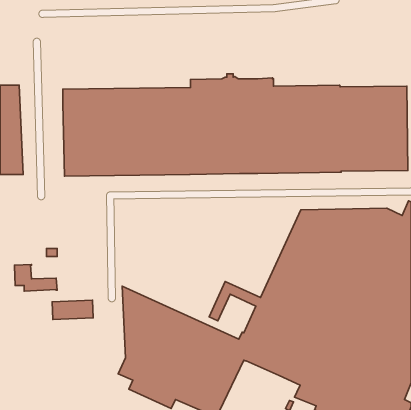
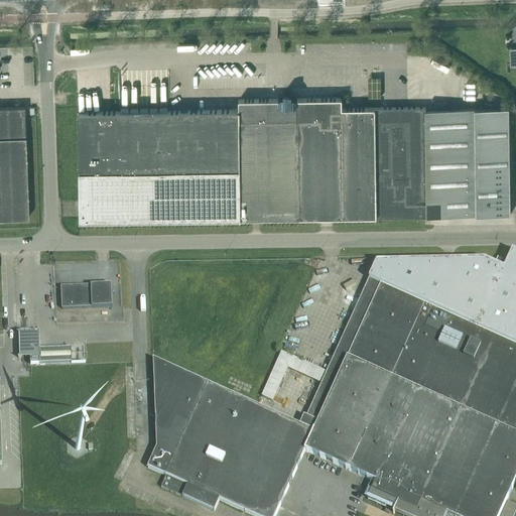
building: [52,300,93,319] -> [61,286,113,310]

